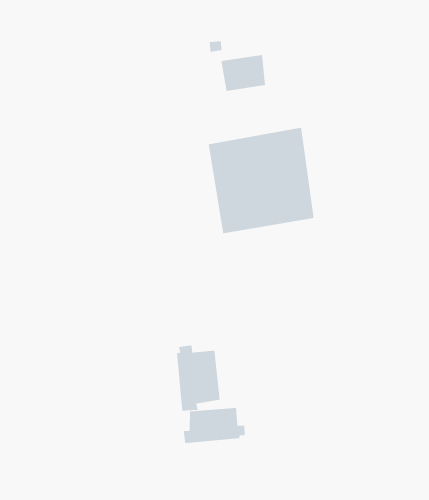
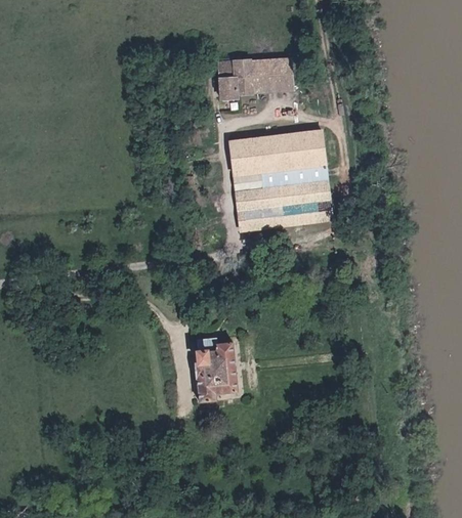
building: none -> [210,62,245,102]
building: [183,407,245,444] -> none

